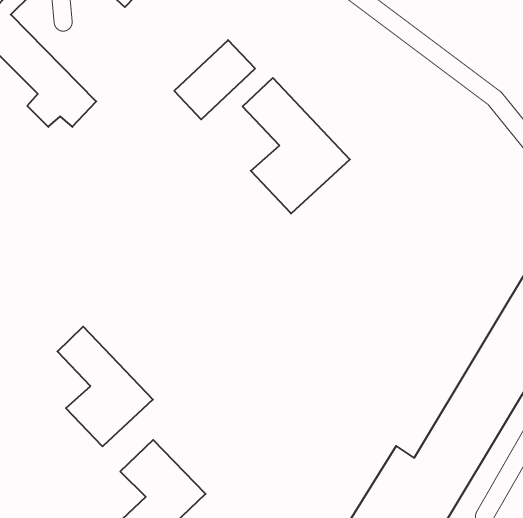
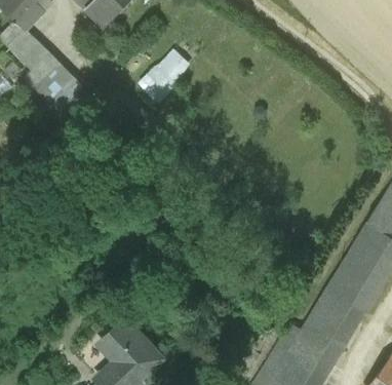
building: [243,78,350,214] -> none
building: [57,327,153,446] -> none

